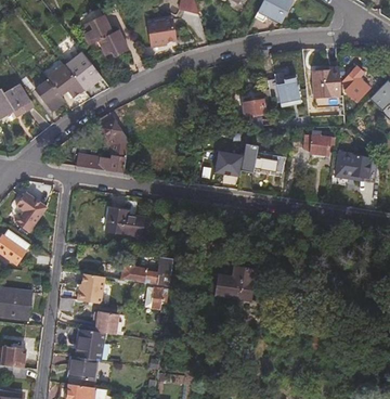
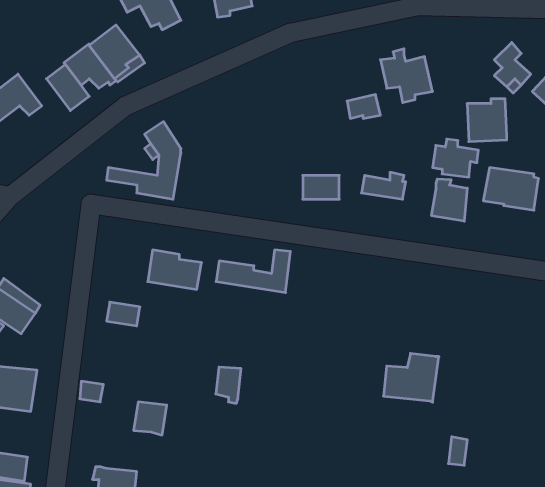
building: [312,67,339,96] -> [467,99,507,142]
building: none -> [432,179,467,221]
building: [17,189,51,233] -> none
building: [121,255,172,284] -> [216,250,290,293]
building: [217,263,255,297] -> [383,353,439,402]
building: [80,273,106,304] -> none
building: [75,326,107,359] -> none

